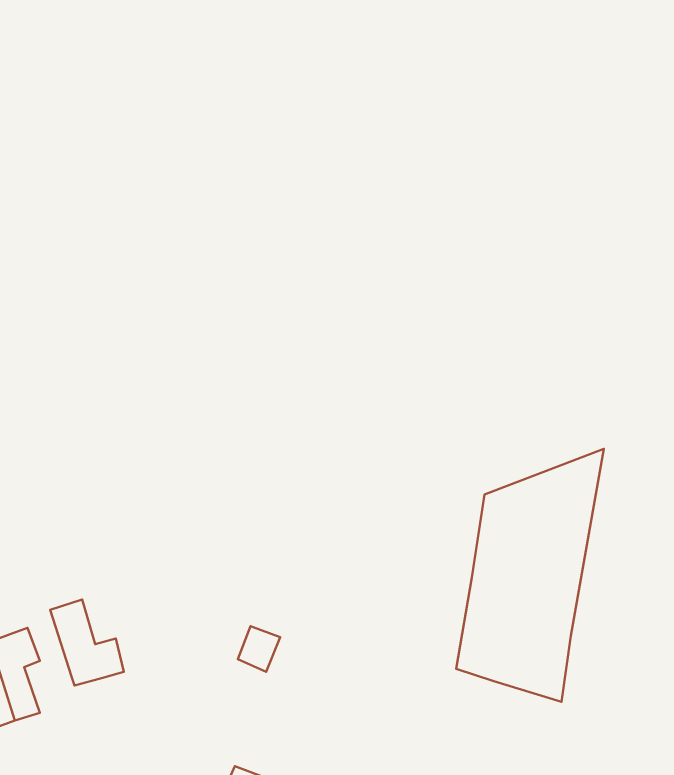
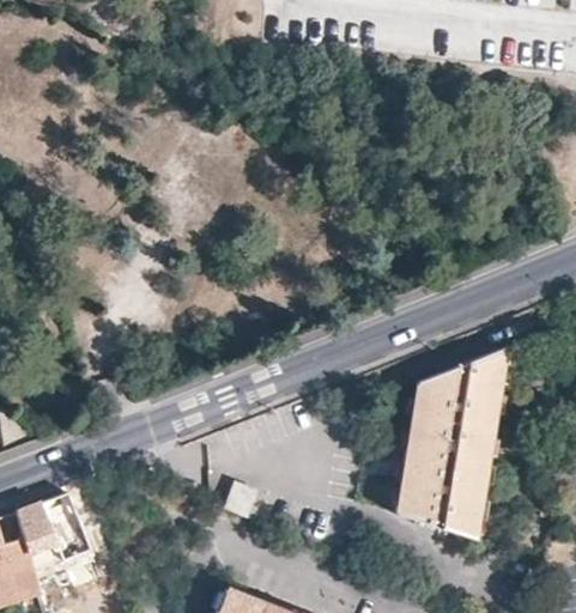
building: [50,599,124,686] -> none

